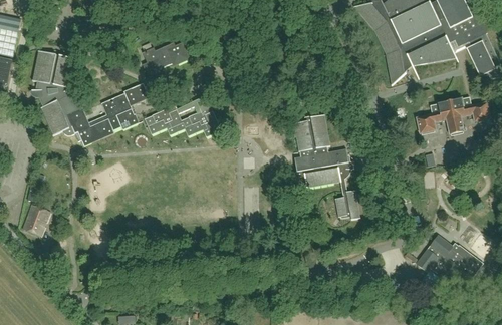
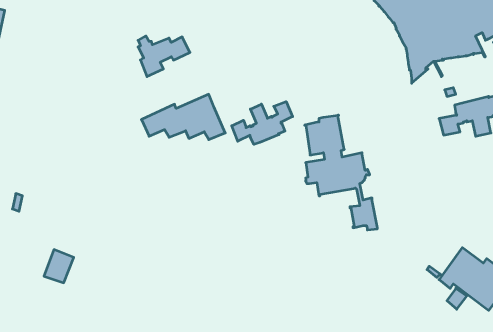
building: [31,50,149,146] -> none
building: none -> [232,102,293,144]
building: [22,204,49,234] -> [44,250,74,283]

